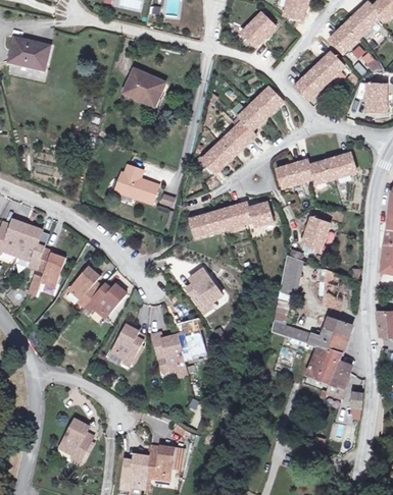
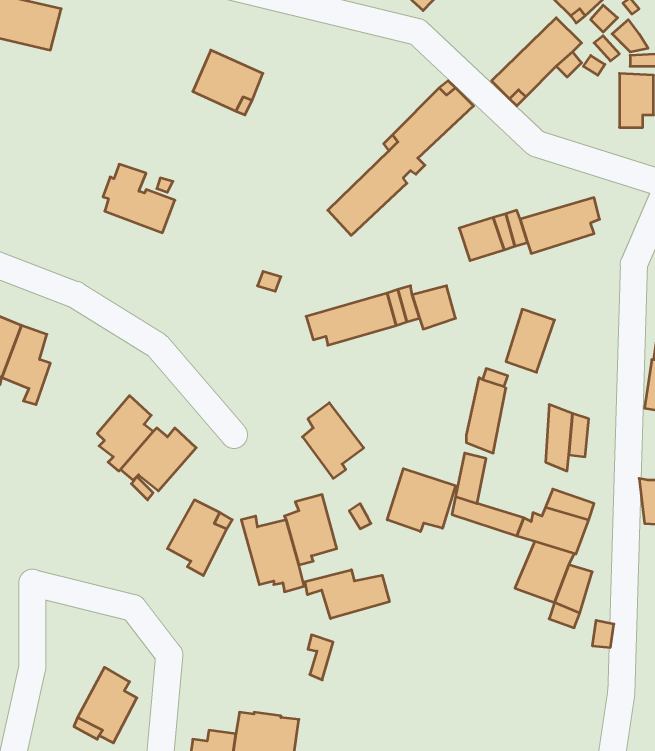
building: [117,165,158,204] -> [103,164,175,233]
building: [28,246,65,292] -> none
building: none -> [387,469,455,532]
building: none -> [305,570,389,619]

